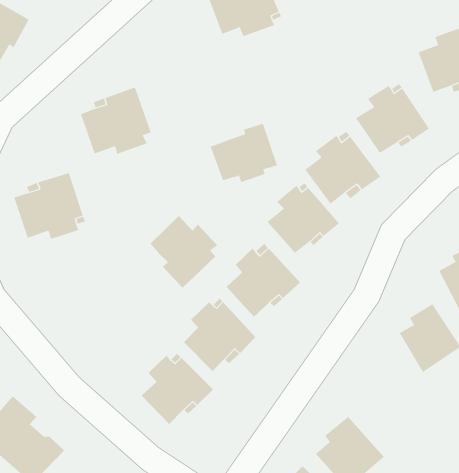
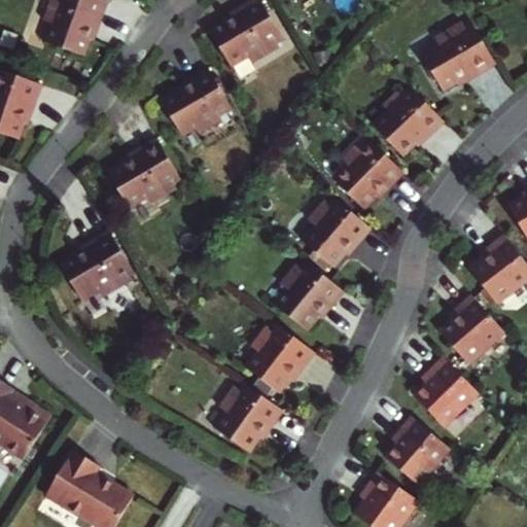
building: [210,123,278,183] -> [161,69,229,131]
building: [150,215,218,289] -> none
building: none -> [418,360,483,428]

